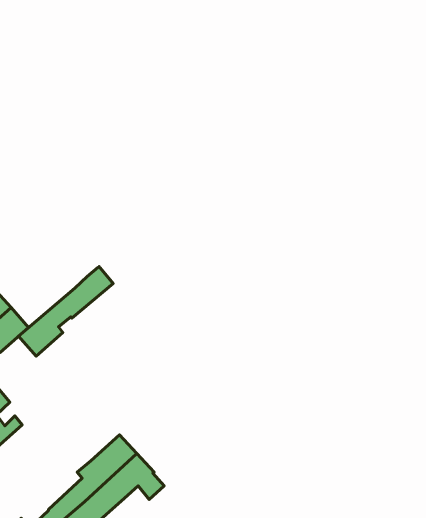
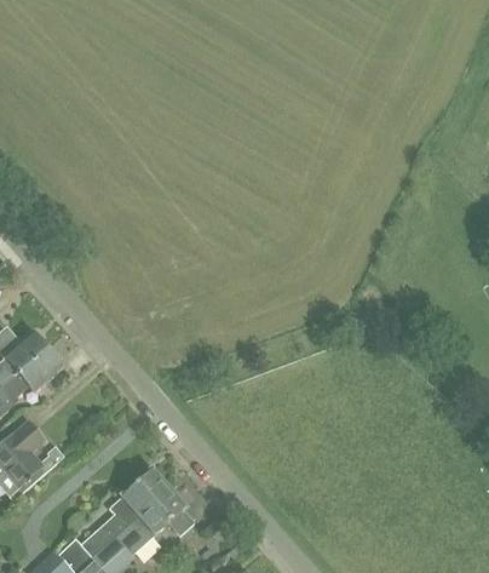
building: [19,266,113,356] -> none

